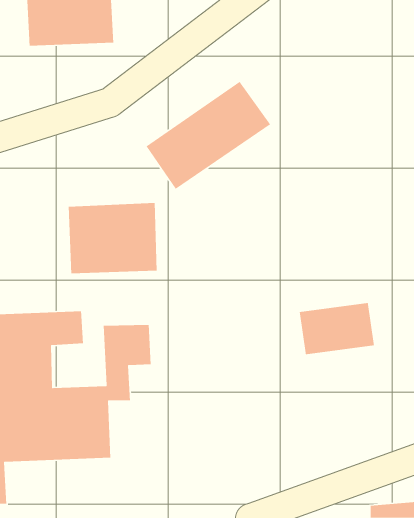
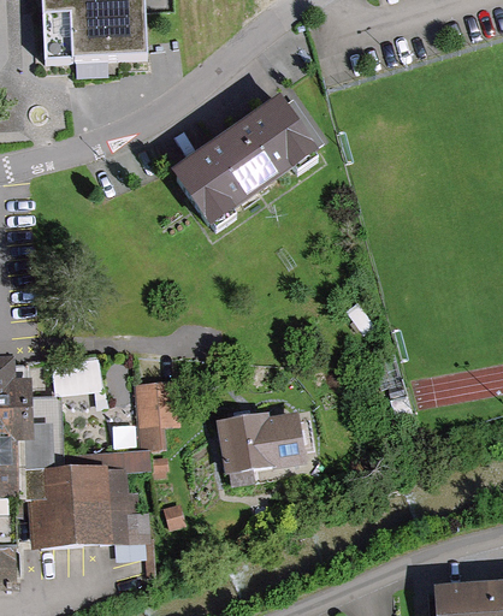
building: [68,202,157,274] -> none
building: [299,302,375,355] -> [219,409,307,470]

